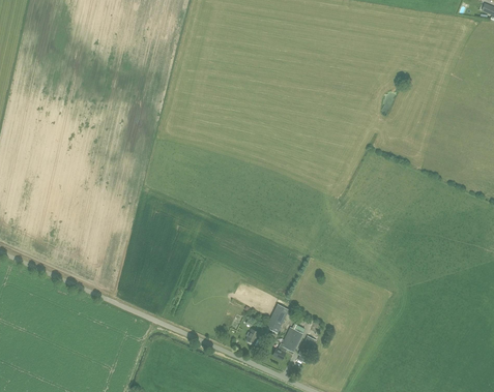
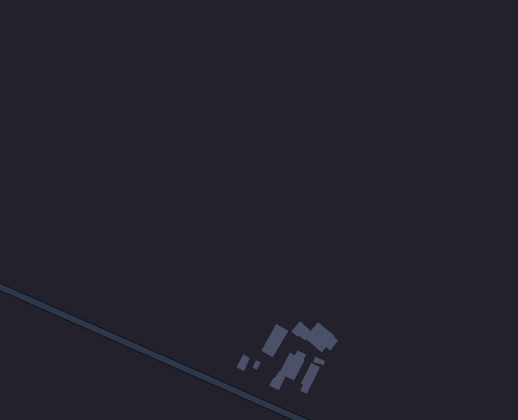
building: none -> [290,320,339,353]

